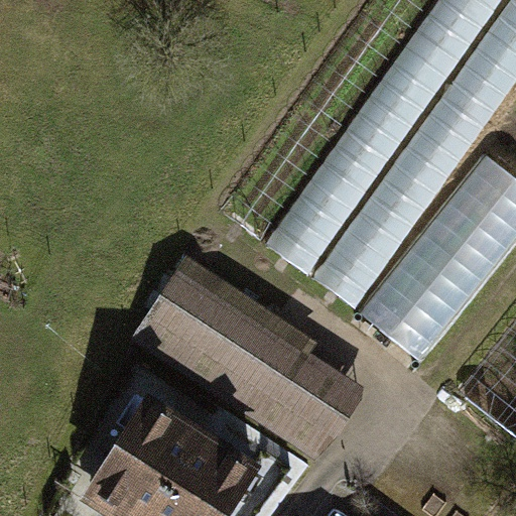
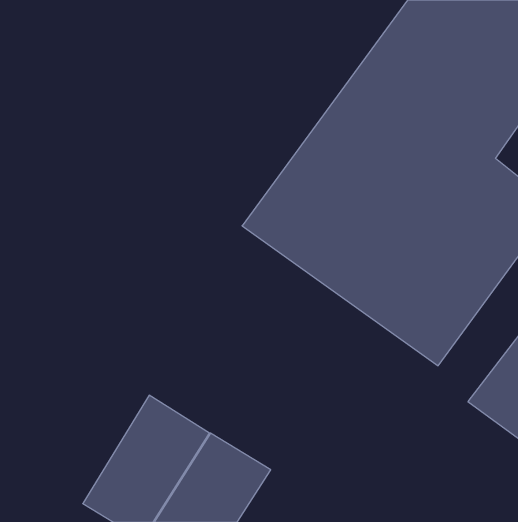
building: [139,264,367,460] -> none

